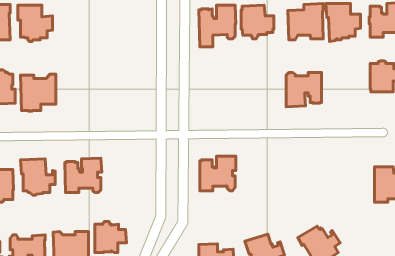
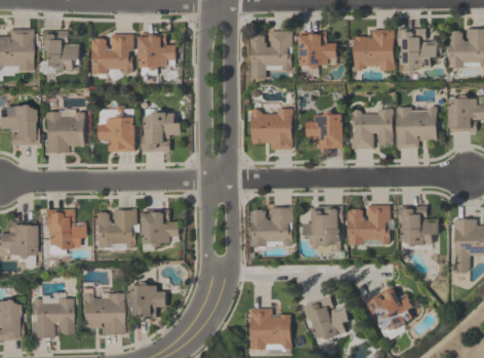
building: none -> [91,34,134,74]
building: none -> [138,34,176,72]
building: none -> [396,106,437,148]
building: none -> [251,108,292,150]
building: none -> [306,111,344,148]
building: none -> [142,112,180,152]
building: none -> [98,114,135,151]
building: none -> [348,205,390,244]
building: none -> [304,206,344,251]
building: none -> [399,206,439,247]
building: none -> [142,209,179,248]

